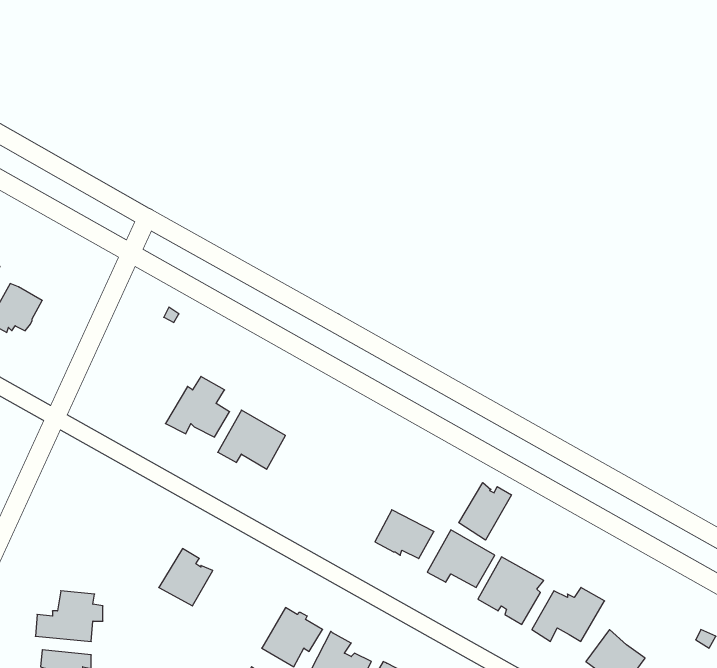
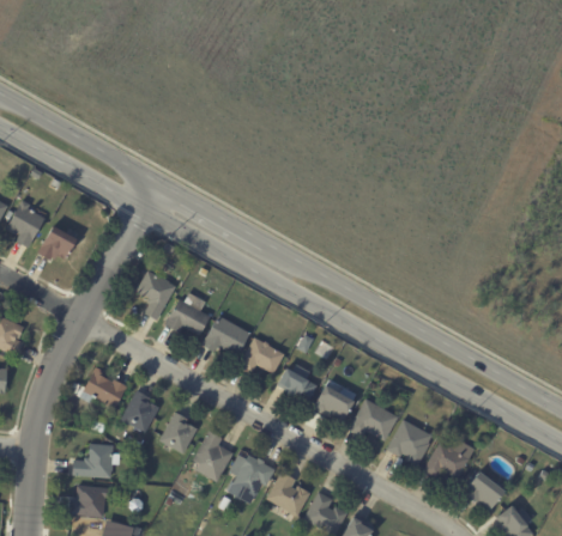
building: none -> [135,269,175,319]
building: none -> [237,337,283,373]
building: none -> [274,364,316,402]
building: [459,483,511,540] -> none
building: none -> [78,367,126,408]
building: none -> [119,391,158,433]
building: none -> [192,432,232,482]

